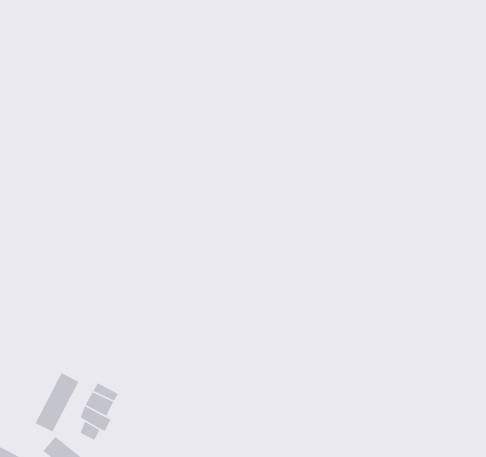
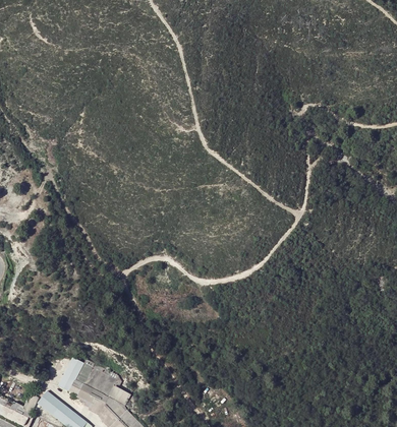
building: [35,372,80,433] -> none

